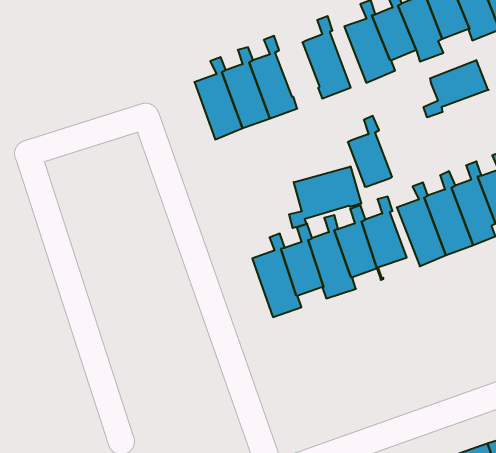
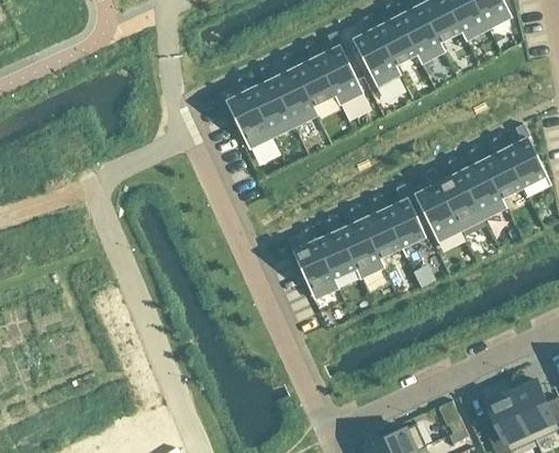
building: [424,60,489,117] -> none
building: [348,116,392,187] -> [294,43,336,105]
building: [289,166,361,228] -> none

